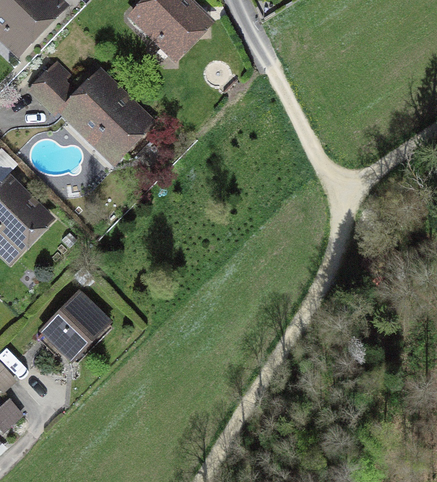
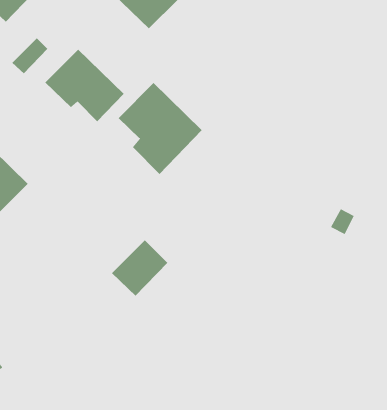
building: none -> [118,82,202,175]
building: [42,296,103,357] -> [111,239,168,297]

